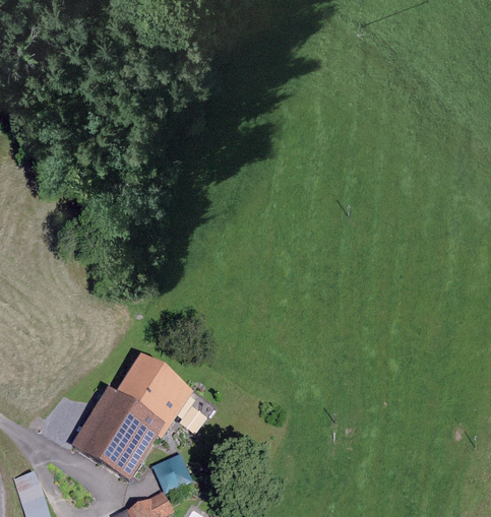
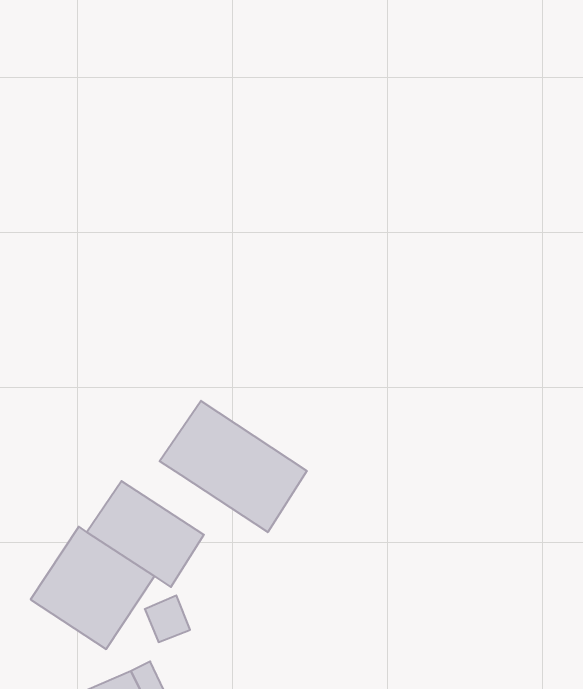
building: none -> [160,401,307,532]

